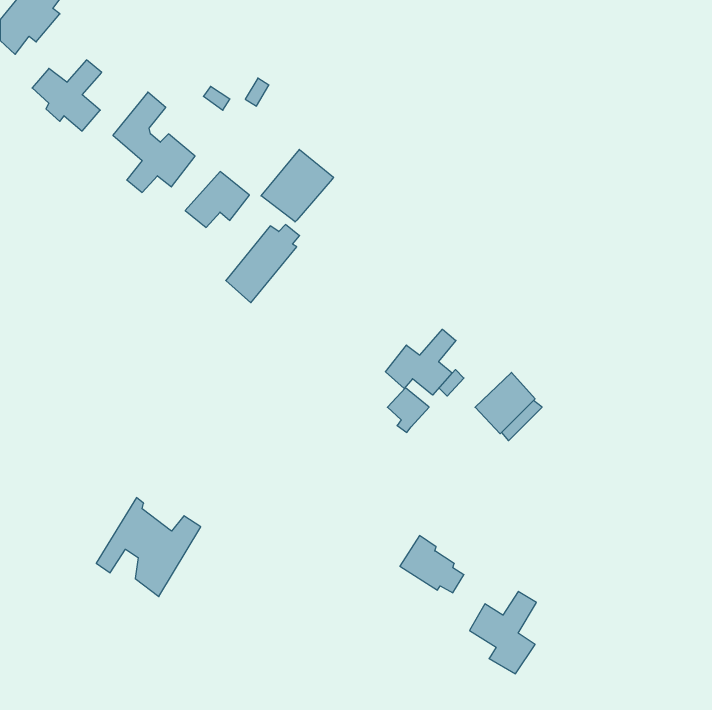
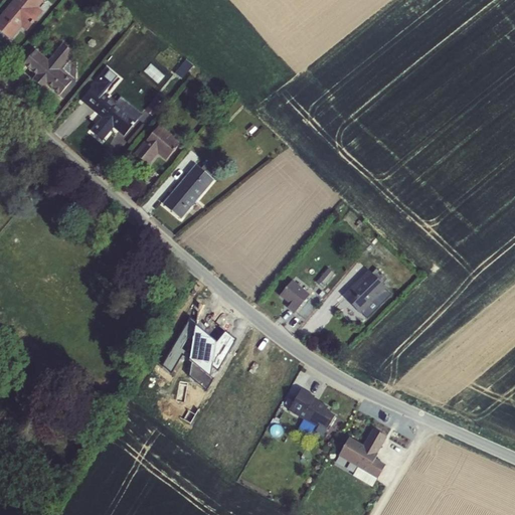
building: [261,149,334,222] -> none
building: [385,329,456,395] -> none
building: [96,498,201,597] -> [162,318,237,389]

